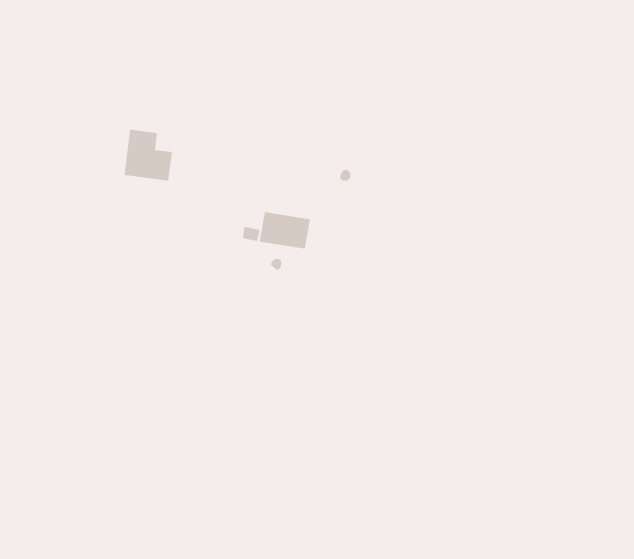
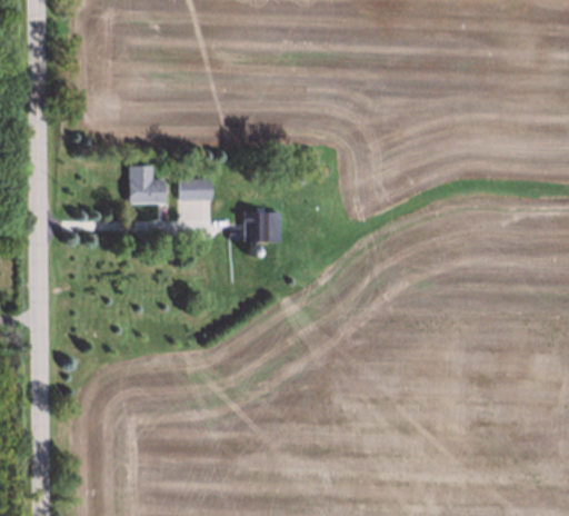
building: none -> [180,181,210,199]

